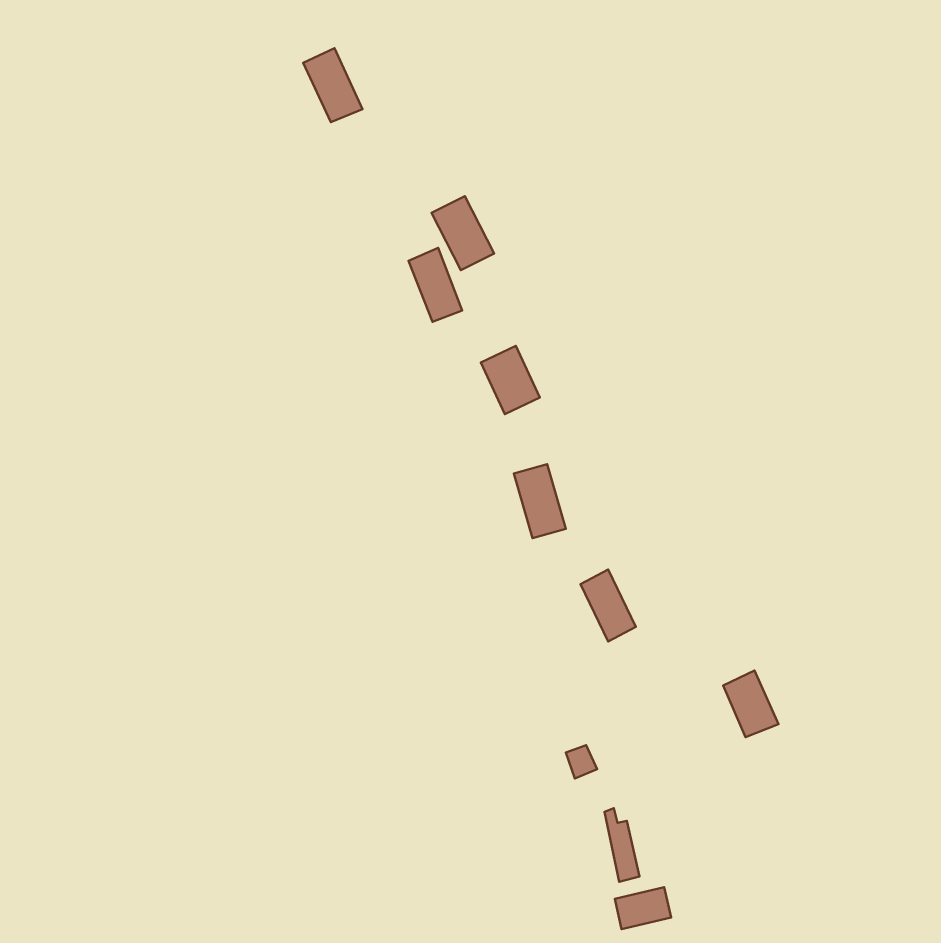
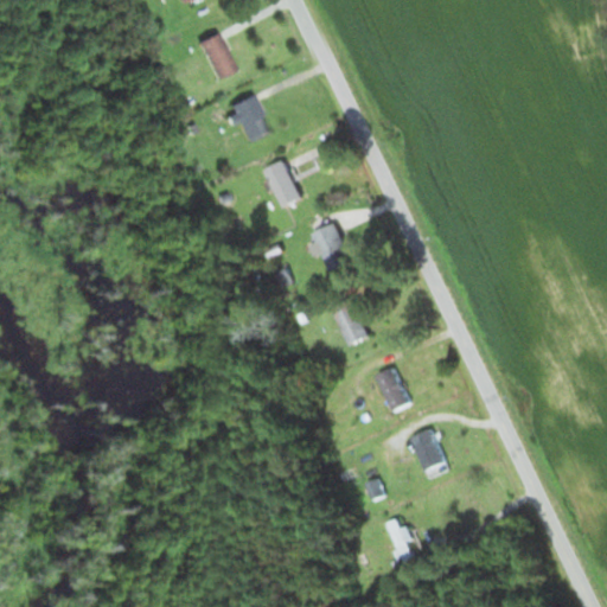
building: [431,196,494,270] -> [229,95,269,142]
building: [723,671,779,737] -> [409,428,445,471]
building: [615,887,671,929] -> none

